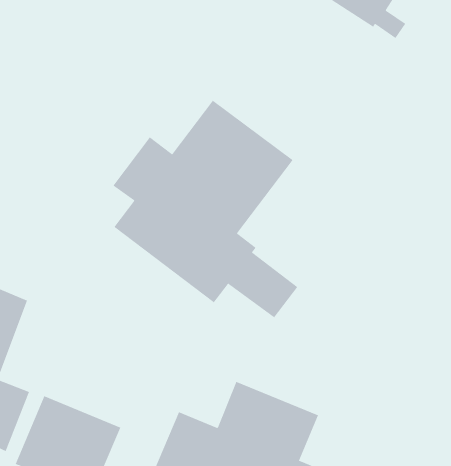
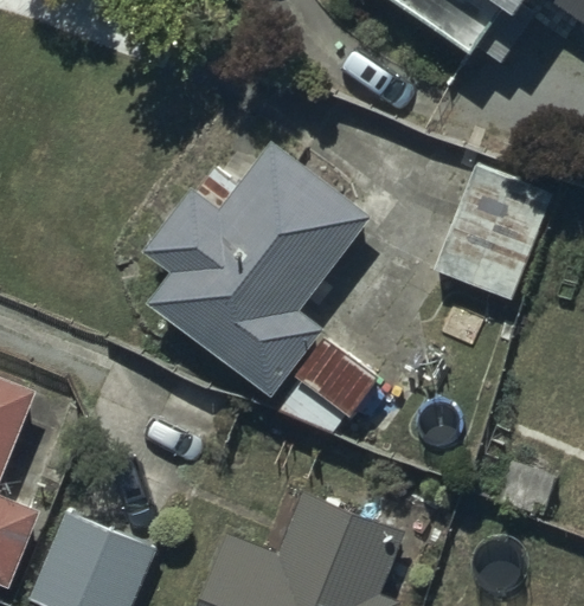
building: none -> [432,163,552,301]

